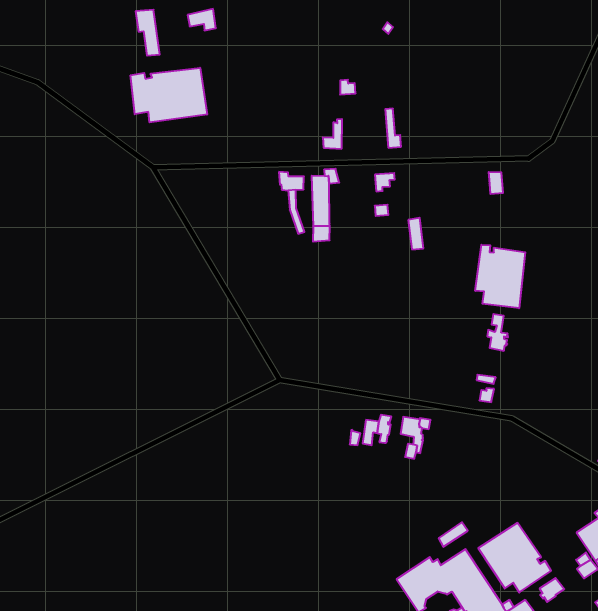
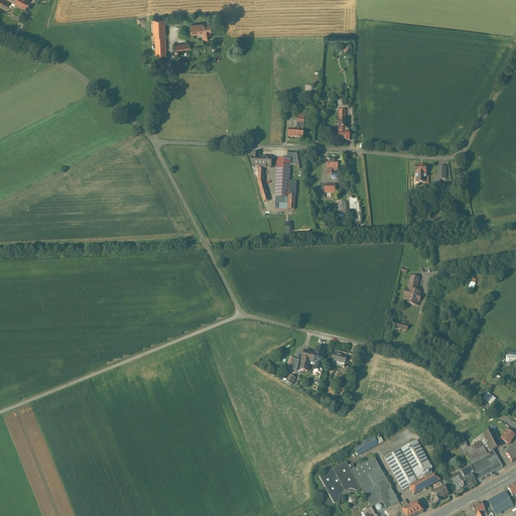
building: [131,68,207,122] -> none
building: [475,245,525,308] -> none

